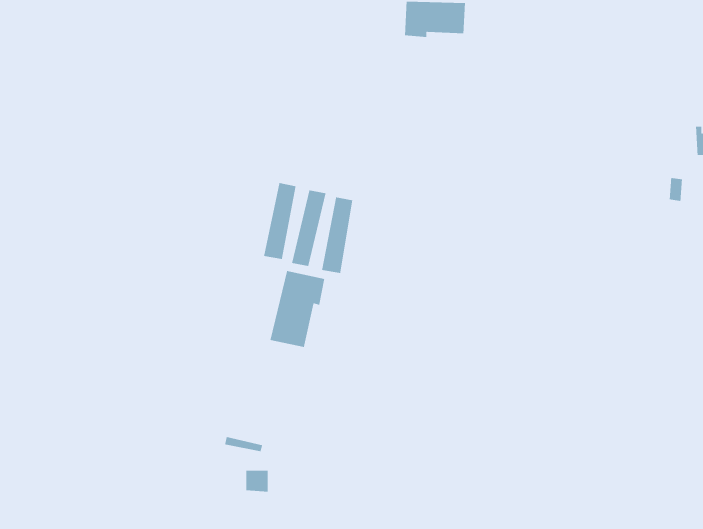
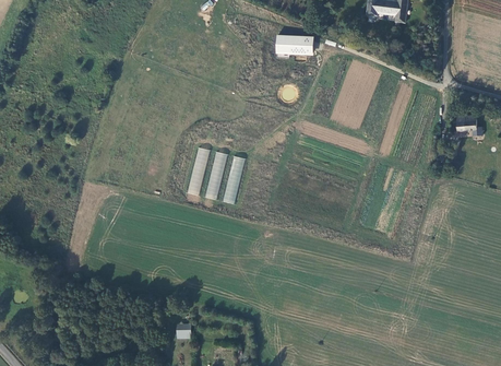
building: [270,270,325,348] -> none

